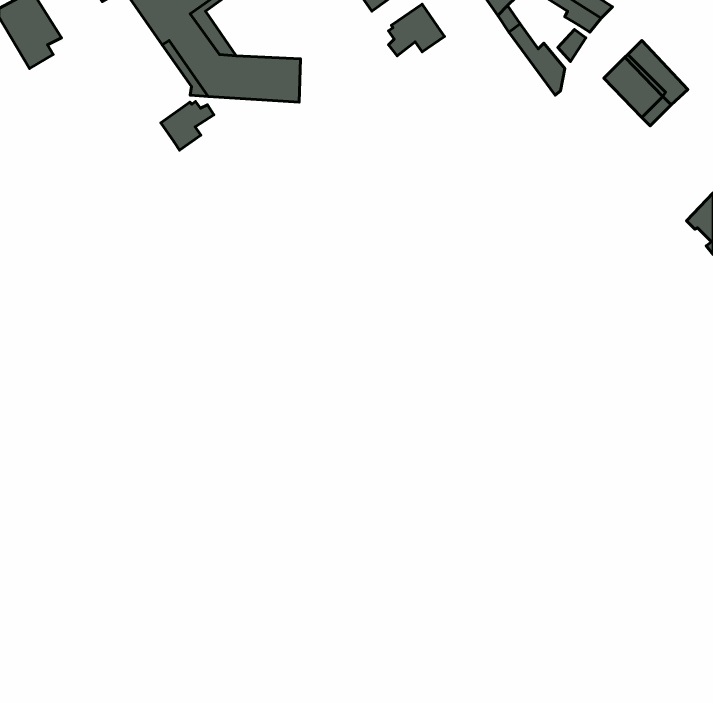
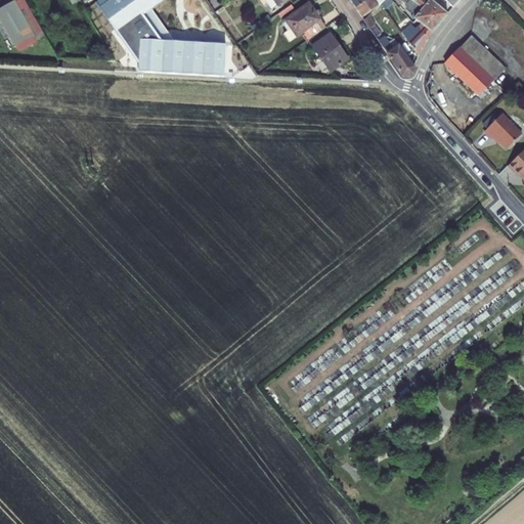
building: none -> [313,33,350,71]
building: [161,101,214,150] -> none
building: none -> [475,115,514,148]

